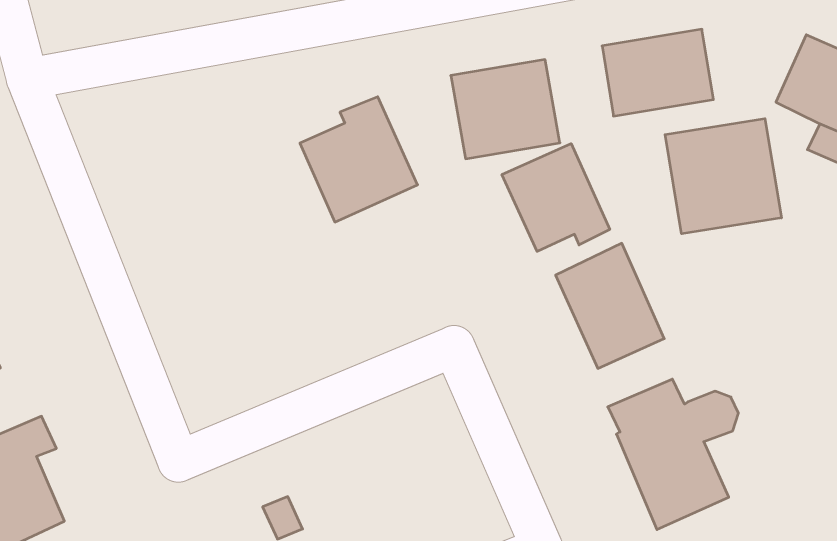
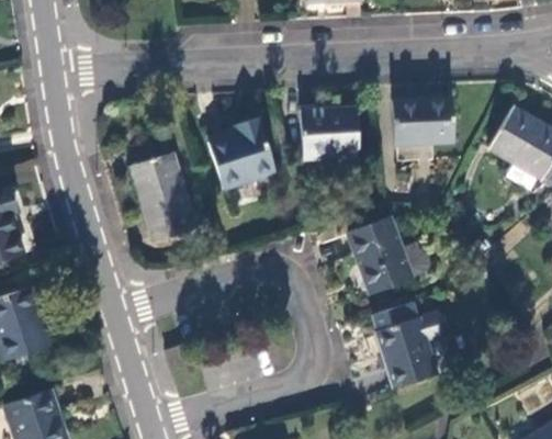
building: [665,119,781,234] -> none
building: [502,144,610,251] -> none
building: none -> [129,154,199,244]

